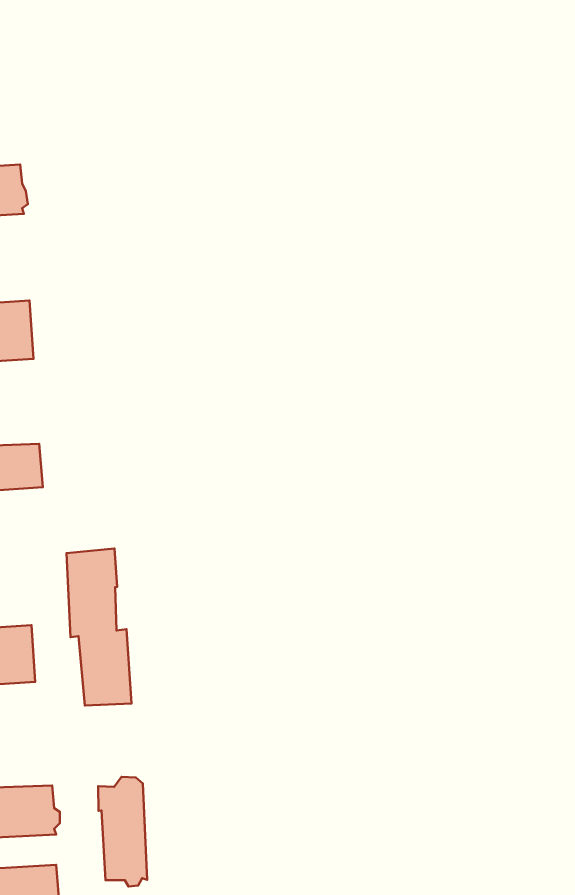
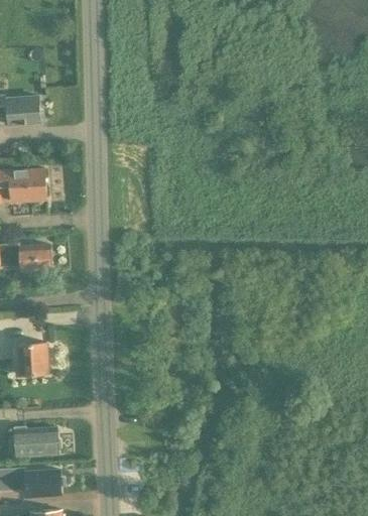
building: [67,549,131,705] -> none
building: [98,777,147,887] -> none

